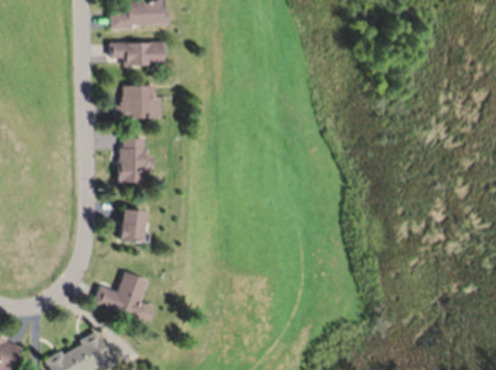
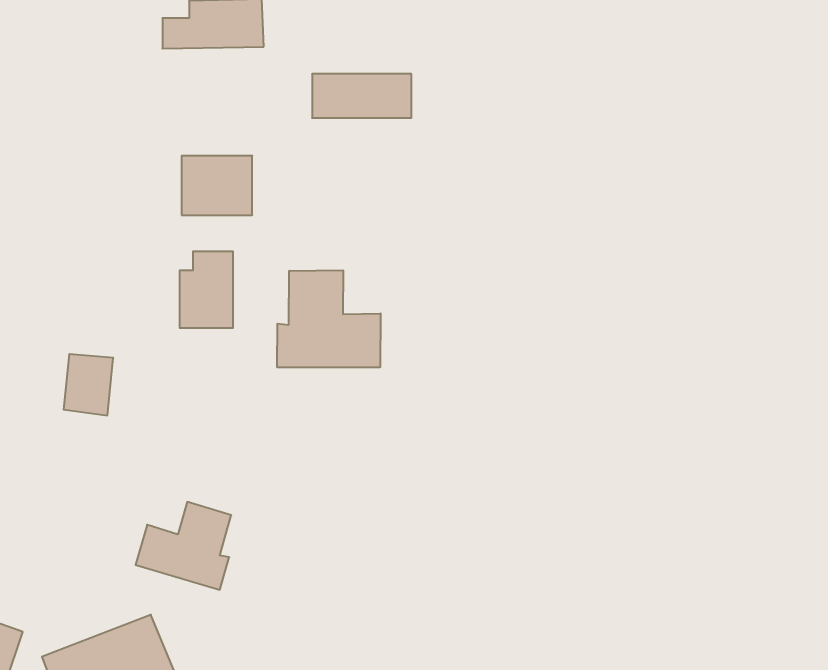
building: [111,42,165,66] -> [312,74,411,118]
building: none -> [277,270,381,367]
building: [115,209,142,243] -> [64,354,113,415]

